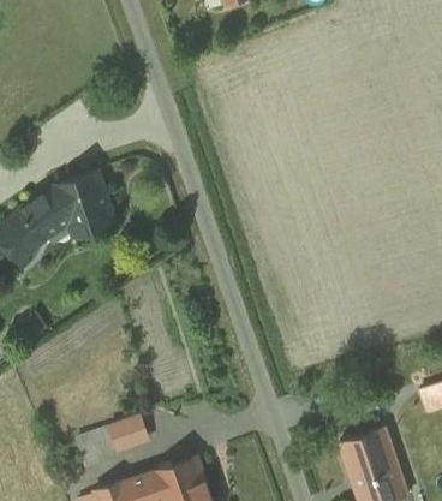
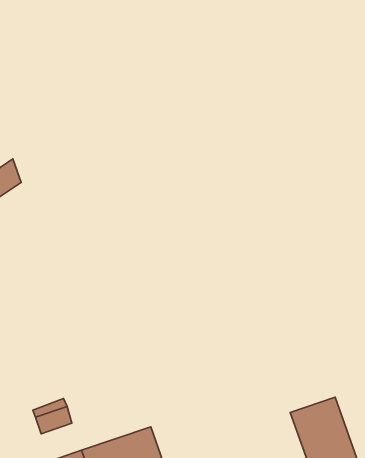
building: [56,172,114,235] -> none
building: [110,416,149,452] -> none

